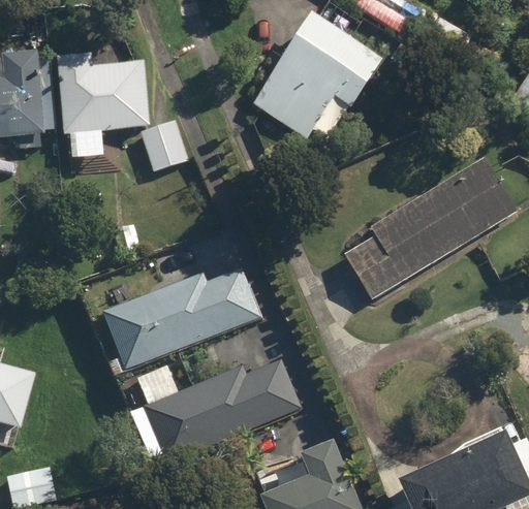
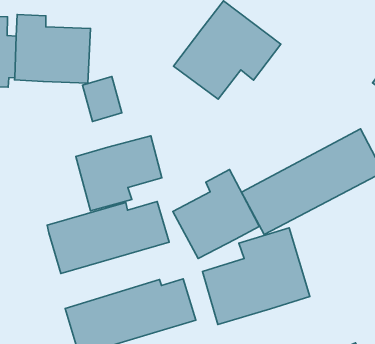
building: none -> [76,136,162,211]
building: none -> [173,169,259,259]
building: none -> [203,228,310,325]

